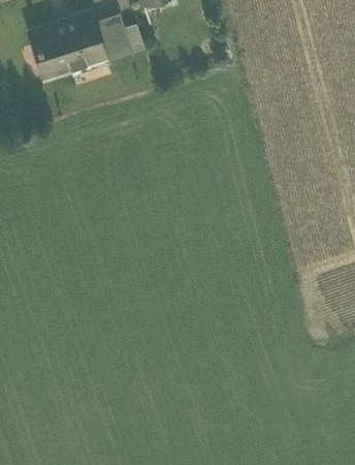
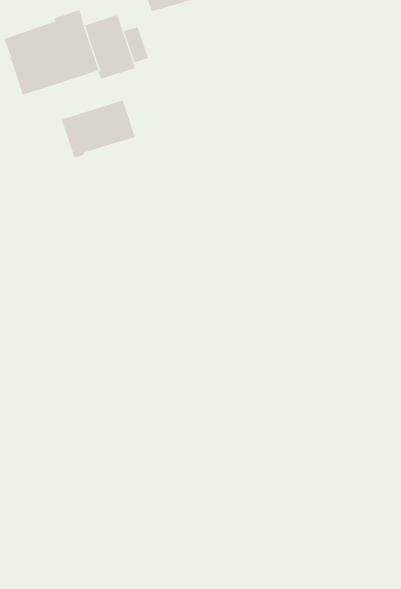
building: none -> [61,100,135,158]

